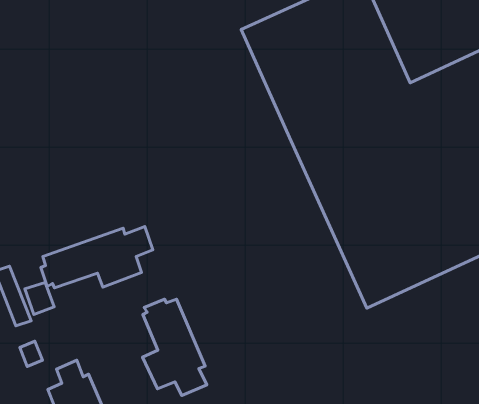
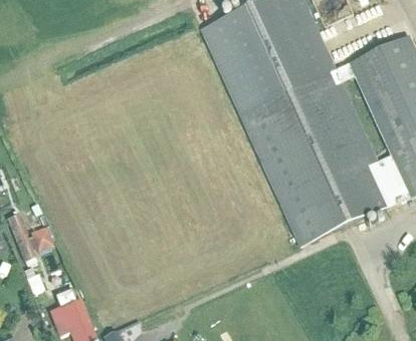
building: [41,226,153,288] -> none
building: [143,299,207,395] -> none

